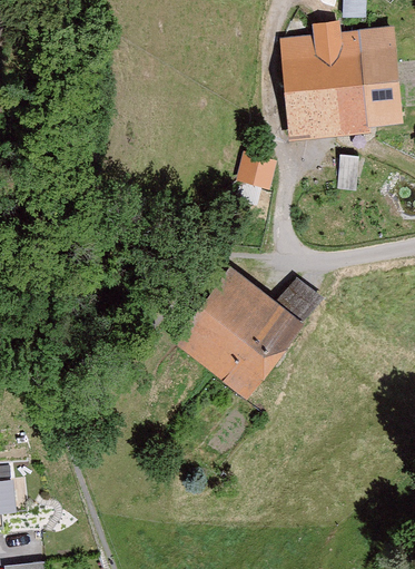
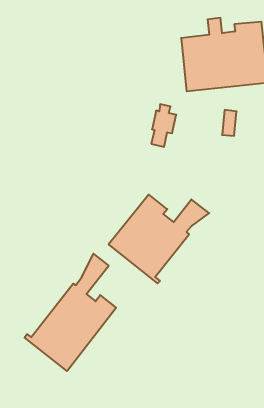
building: none -> [25,254,116,371]

